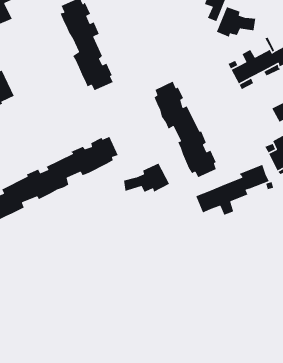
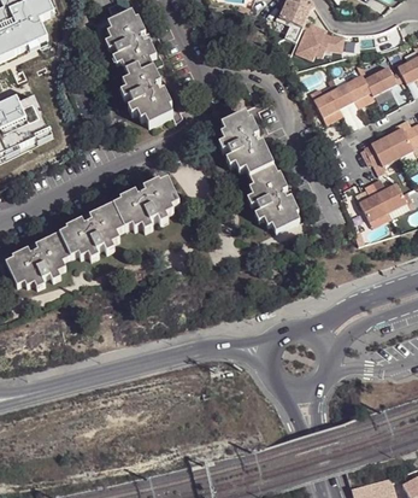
building: [123,162,170,193] -> none
building: [195,164,270,216] -> none

